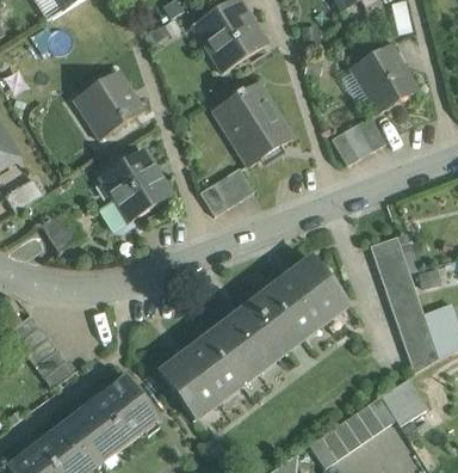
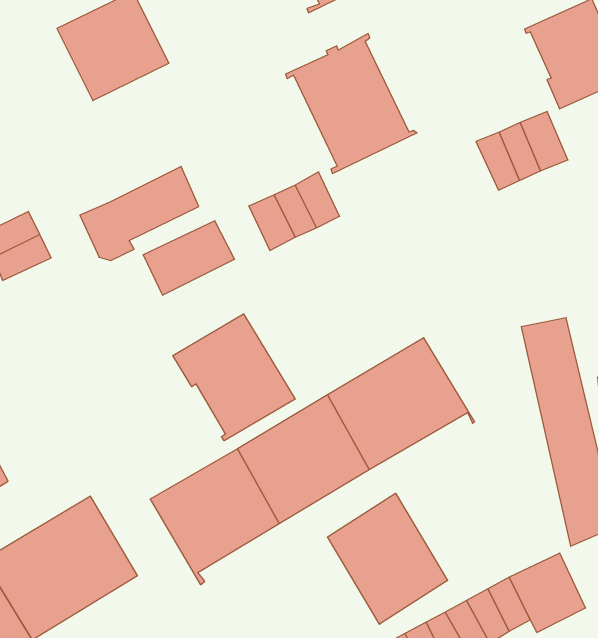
building: [101,150,156,198] -> [143,221,235,295]
building: none -> [173,314,295,441]
building: none -> [327,493,448,624]

